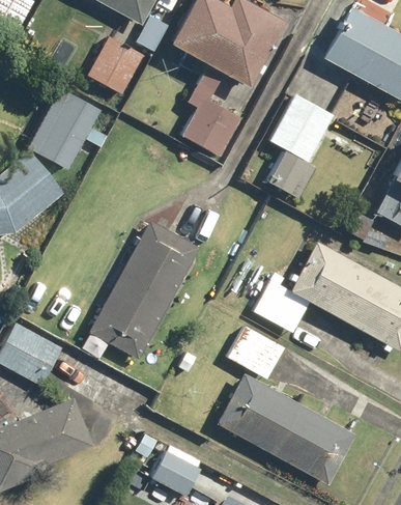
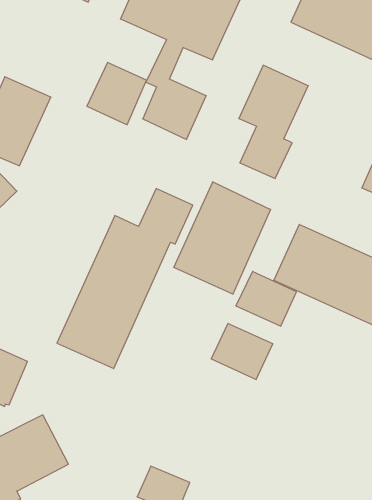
building: [87,36,143,94] -> [87,62,147,125]
building: none -> [174,182,271,294]
building: [217,373,356,485] -> none

